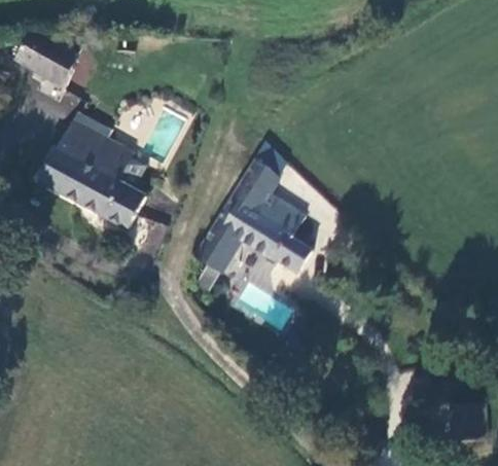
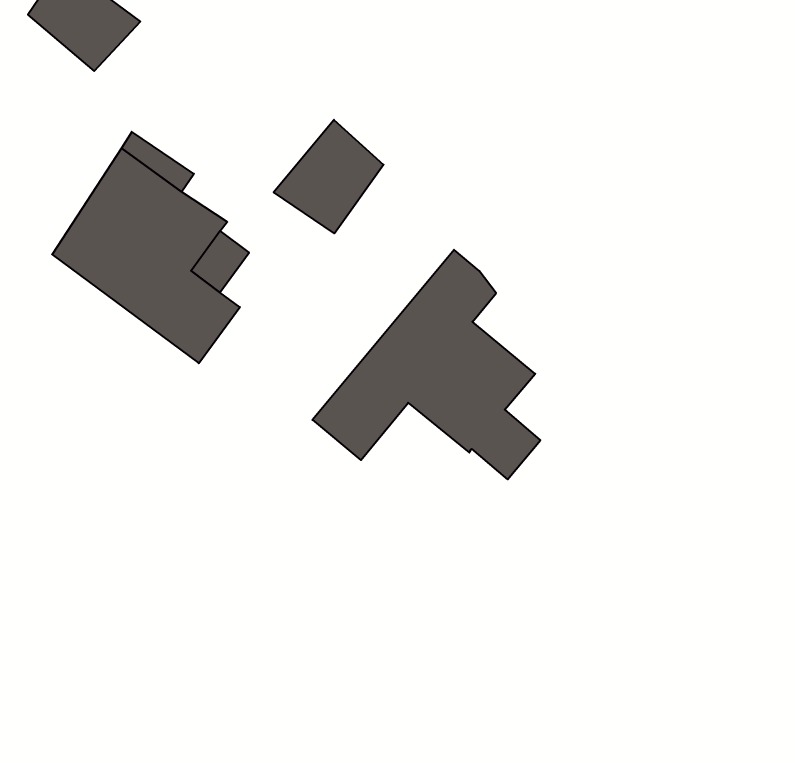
building: none -> [274,120,384,233]

